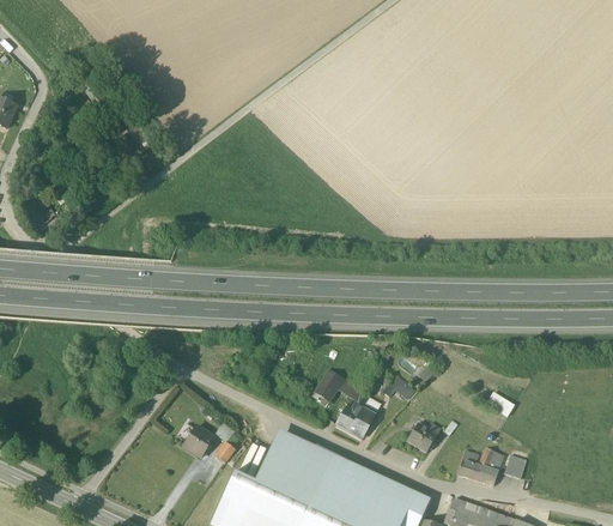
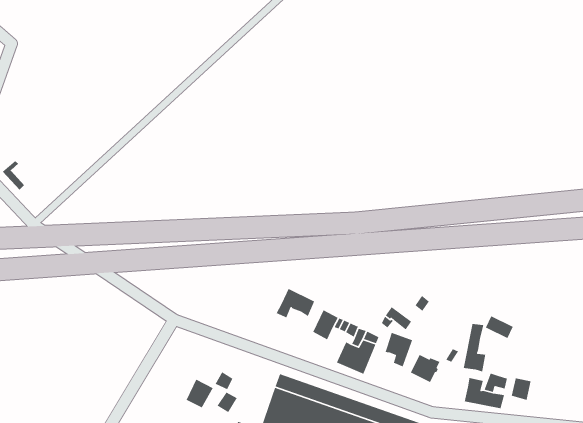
building: none -> [276,288,315,318]
building: none -> [463,323,486,372]
building: none -> [385,332,413,368]

